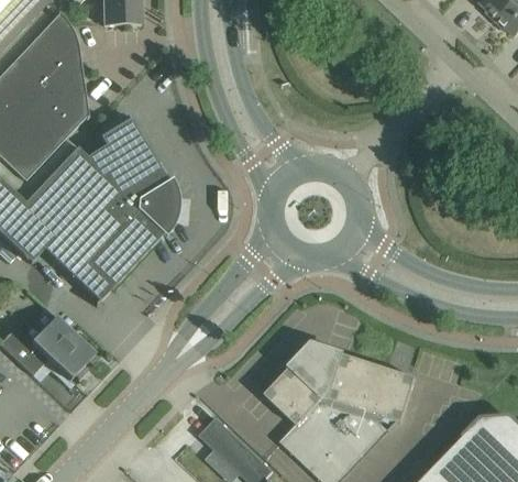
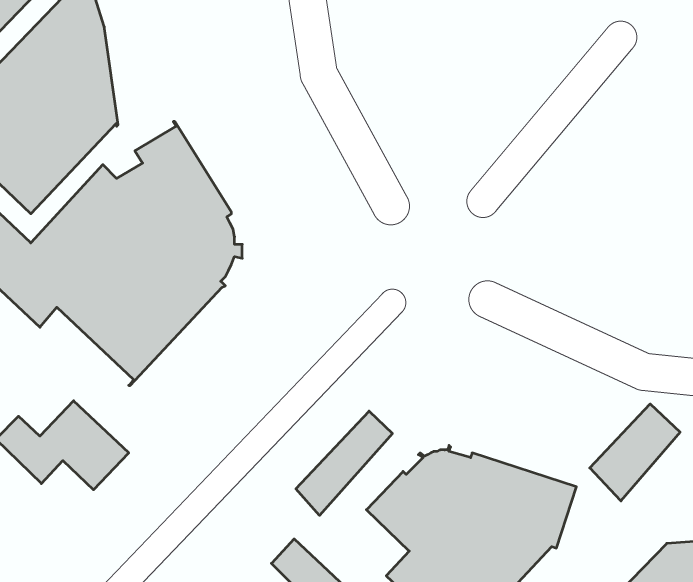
building: none -> [590,404,680,501]
building: none -> [296,411,392,515]

